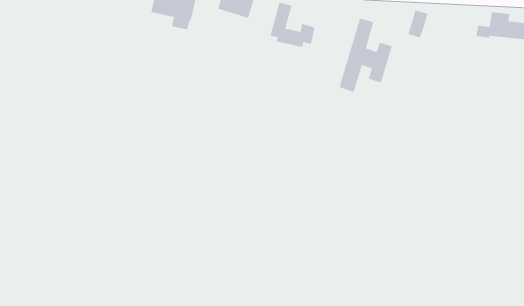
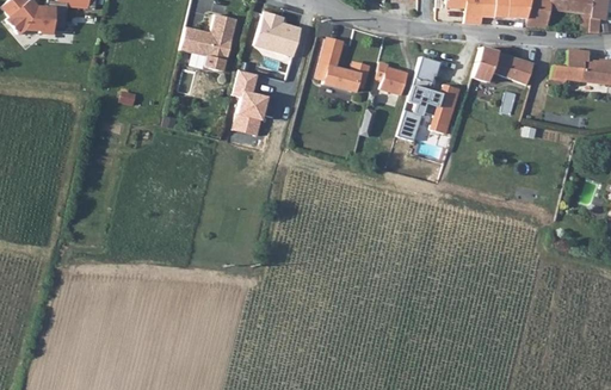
building: none -> [492,52,535,85]
building: none -> [375,62,407,98]
building: none -> [232,69,267,137]

